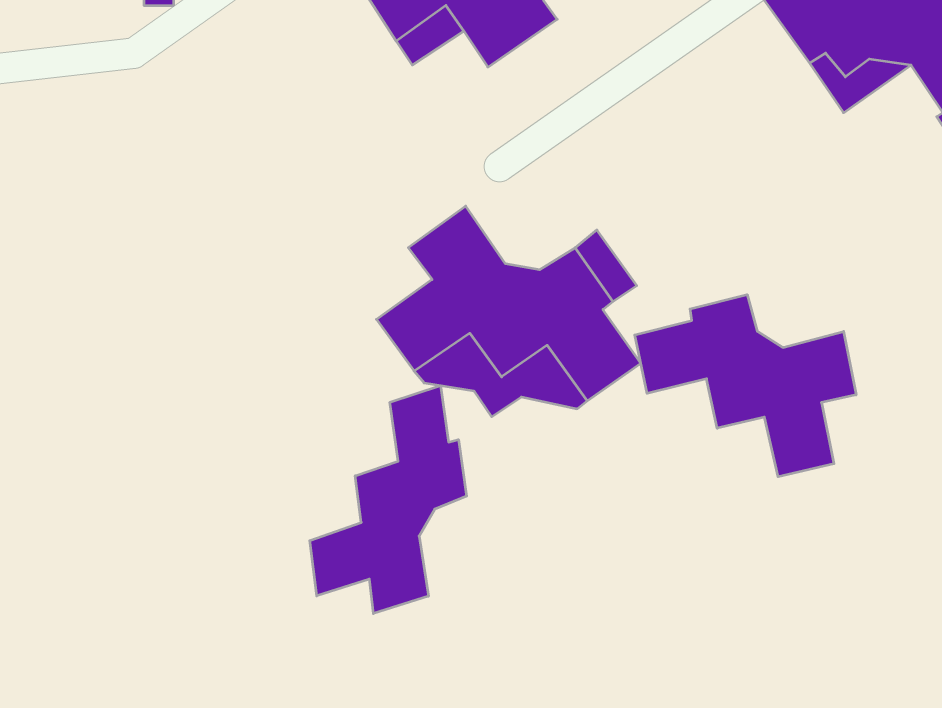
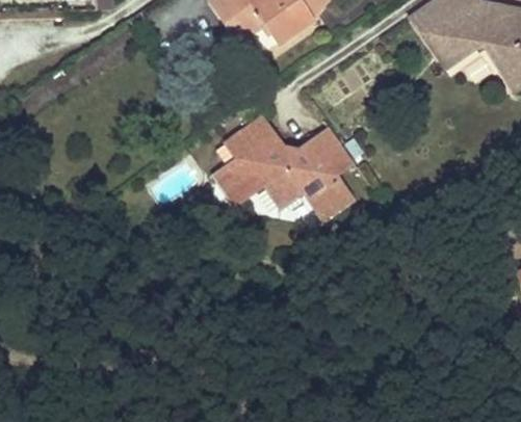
building: [635,295,856,477] -> none
building: [310,386,467,614] -> none

